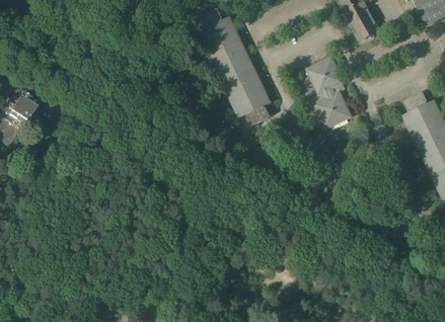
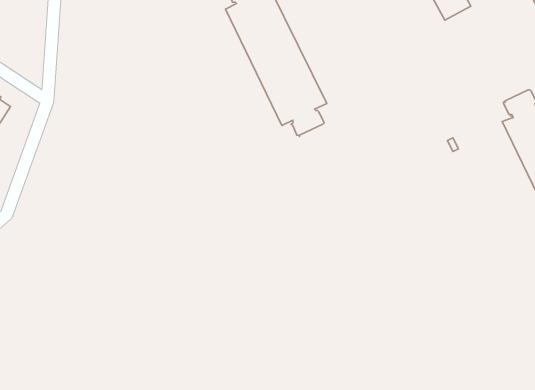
building: [306,56,351,128] -> none

